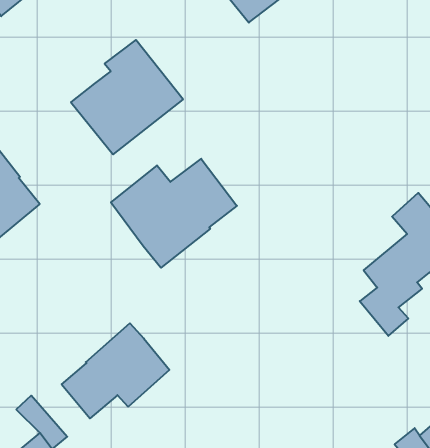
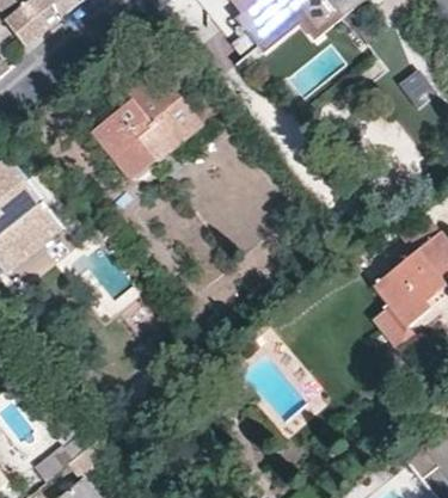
building: [111,159,237,268] -> none
building: [62,323,169,418] -> none

